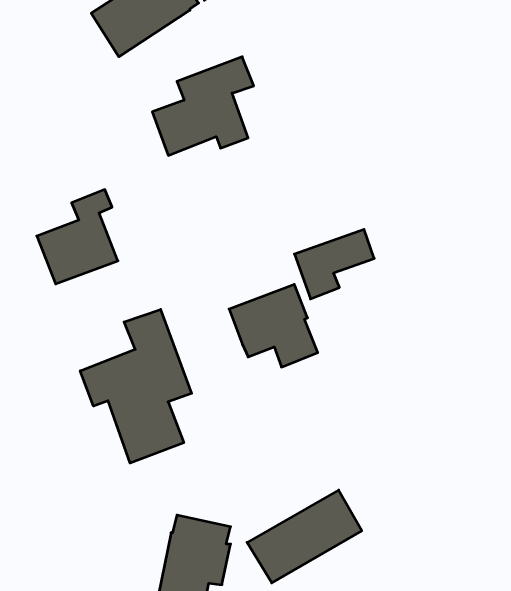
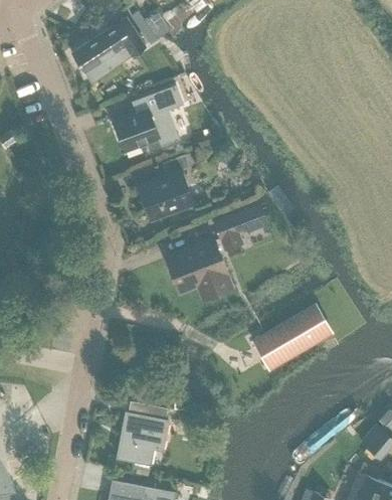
building: [37,190,118,284] -> [138,155,194,220]
building: [80,309,192,463] -> none
building: [247,490,362,583] -> [252,305,332,369]

